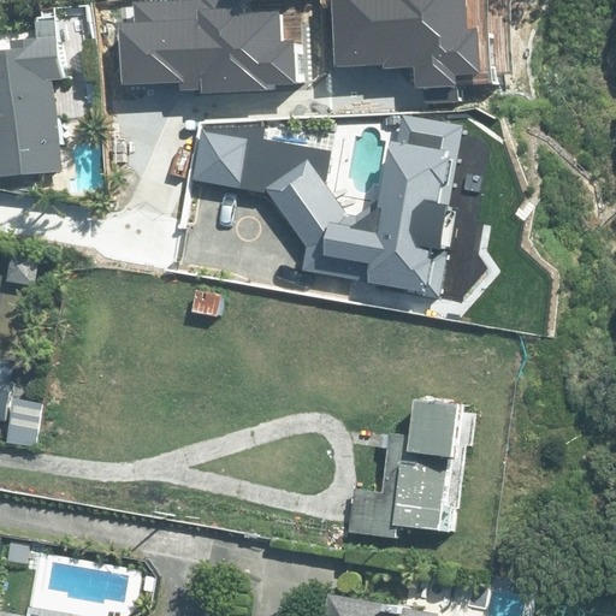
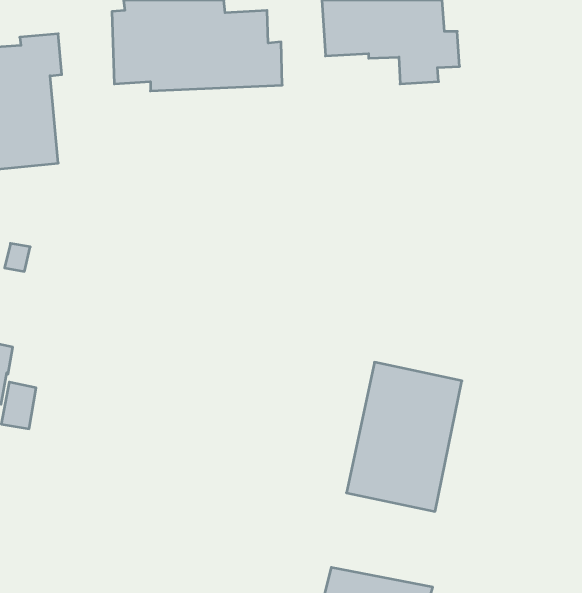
building: [194,128,455,290] -> none

